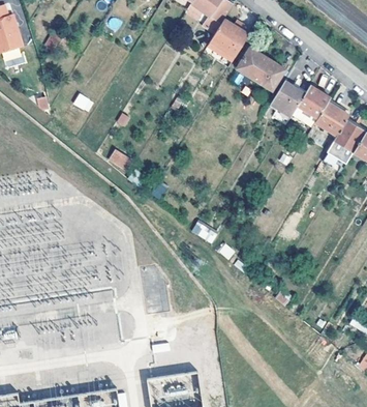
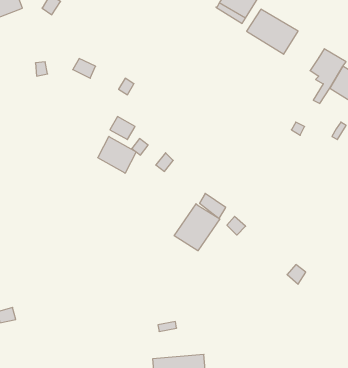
building: [270,81,304,124] -> none
building: none -> [98,136,136,173]
building: none -> [174,204,220,251]

